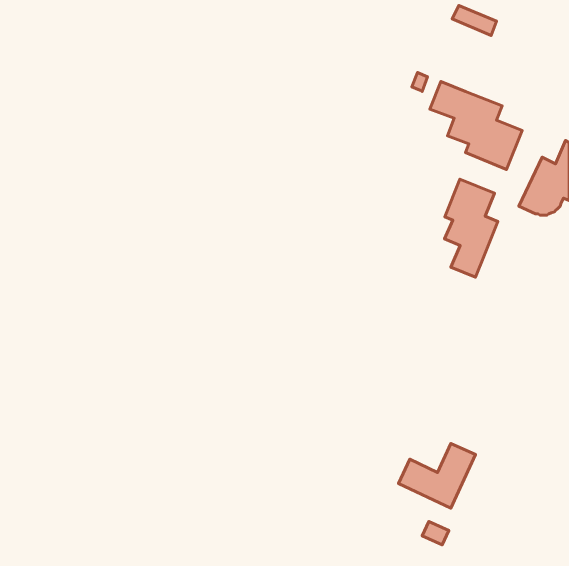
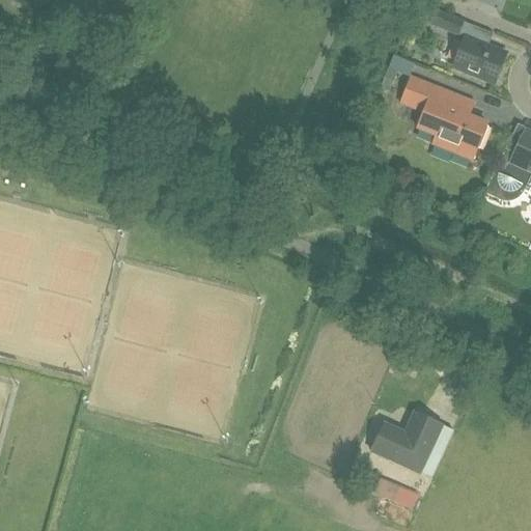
building: none -> [453,35,506,82]
building: [445,179,498,277] -> none

